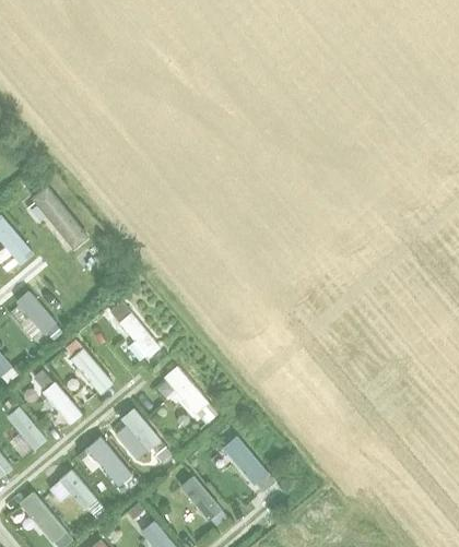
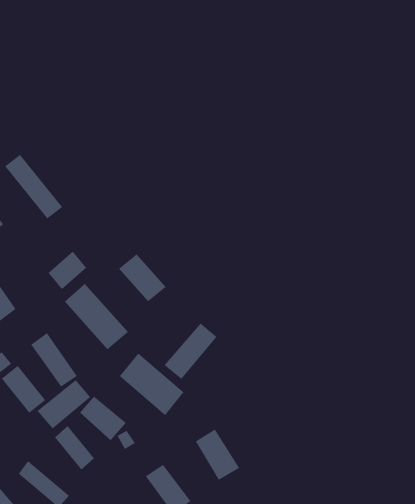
building: none -> [48,250,87,290]
building: none -> [118,253,167,302]
building: none -> [163,322,218,380]
building: none -> [36,379,91,430]

